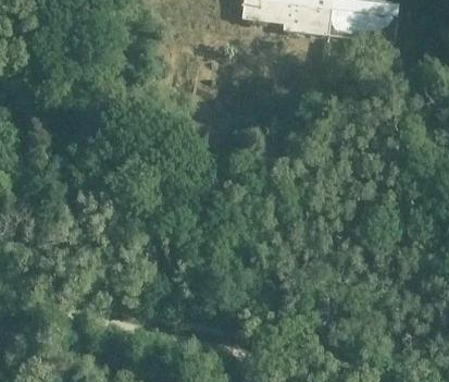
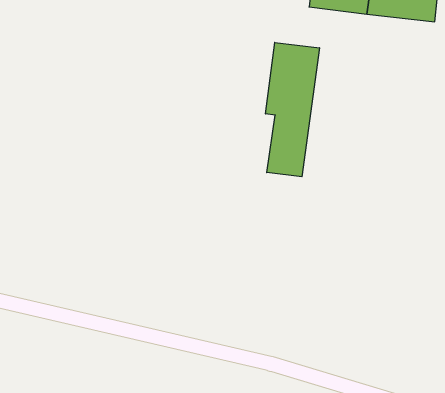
building: none -> [266,42,319,177]

